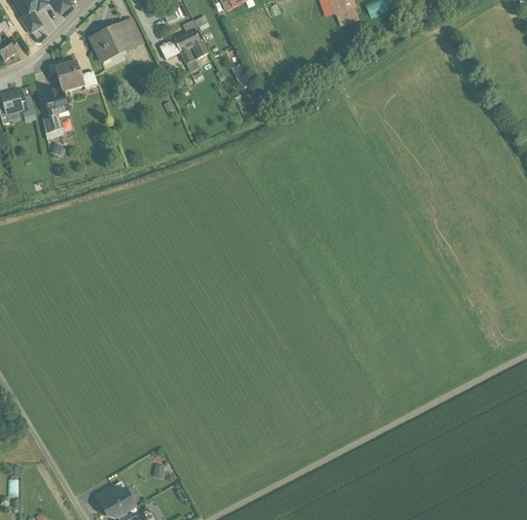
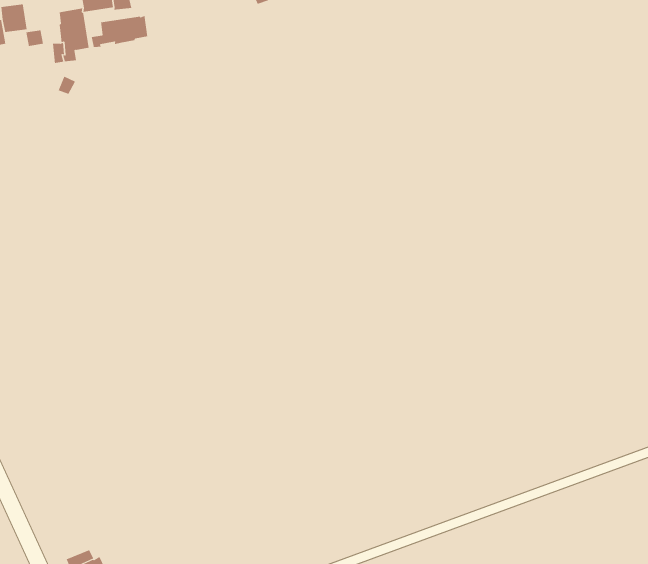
building: none -> [91,15,148,48]

